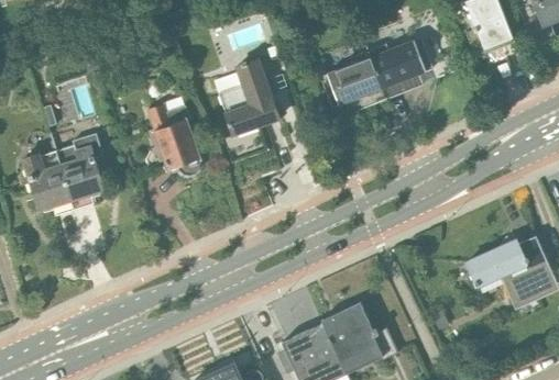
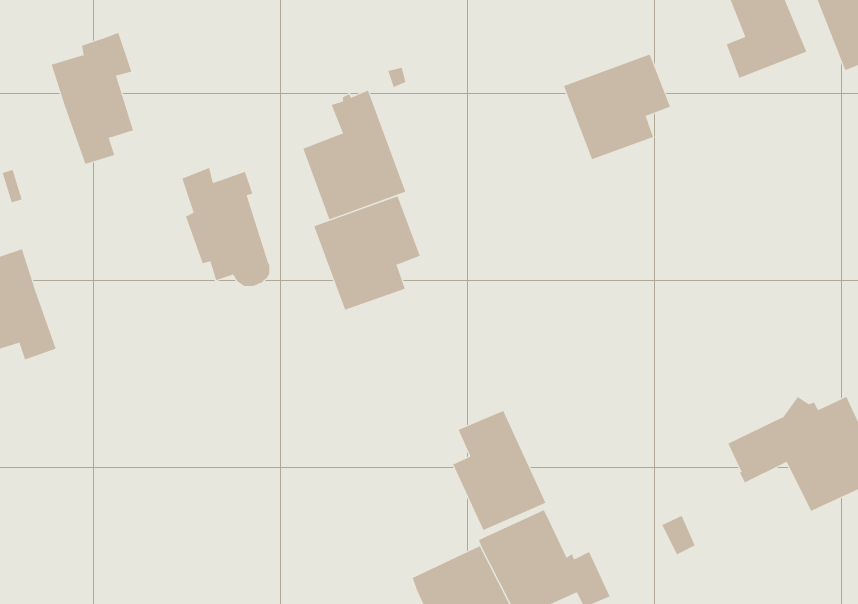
building: [320,57,387,114] -> none
building: none -> [313,196,421,311]
building: [56,133,105,210] -> [51,32,134,165]
building: none -> [452,410,546,531]

